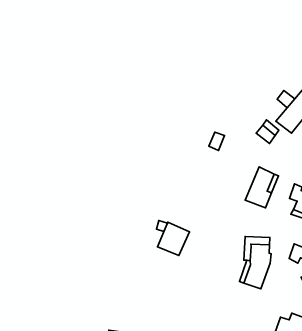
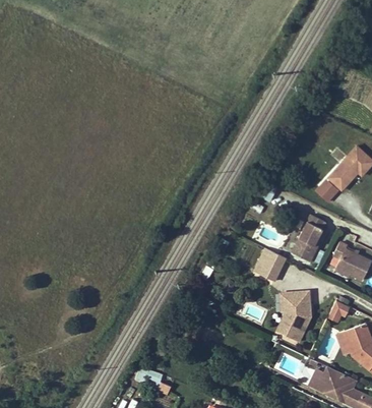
building: [158,222,189,255] -> [253,246,286,280]

